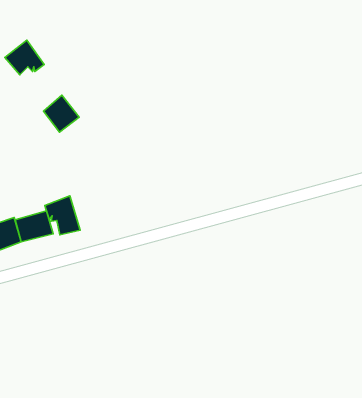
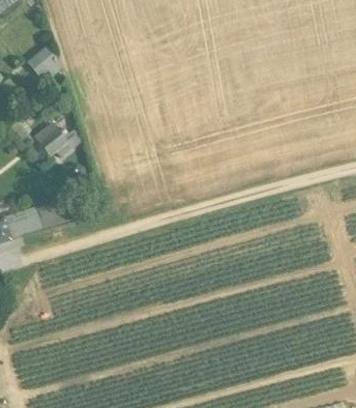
building: [43,95,79,132] -> [34,121,66,154]
building: [45,196,80,235] -> none

